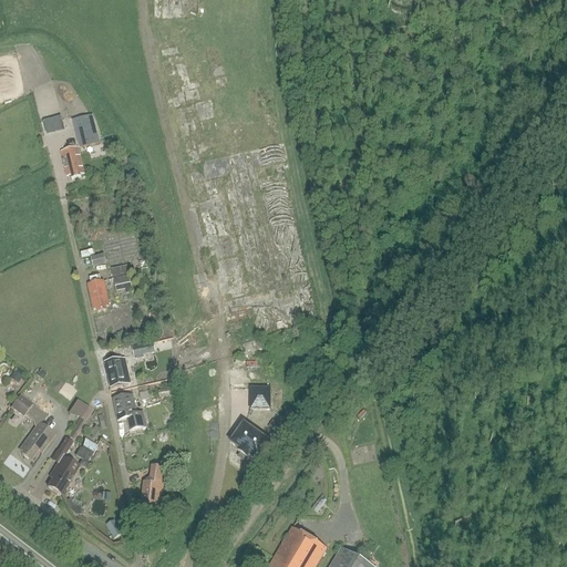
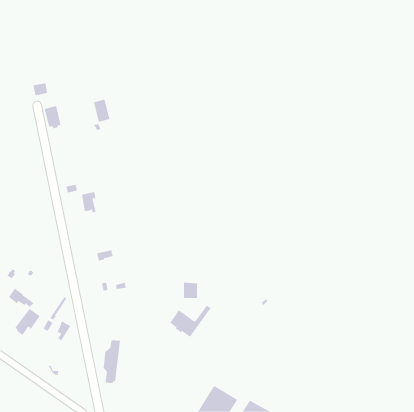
building: [75,113,99,145] -> [93,99,110,122]
building: [87,278,110,310] -> none
building: [105,357,130,386] -> none
building: [113,393,146,429] -> none
building: [48,454,80,494] -> none

